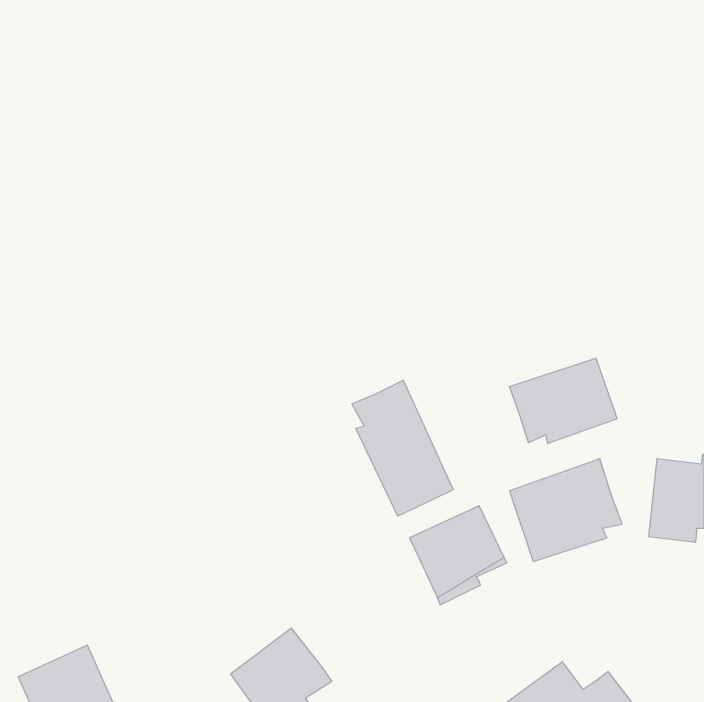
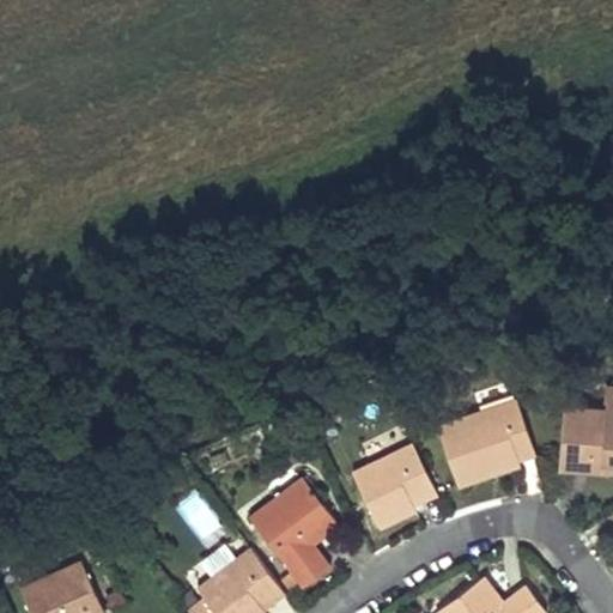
building: [509,358,617,444] -> none
building: [352,380,453,516] -> none
building: none -> [250,478,339,585]

